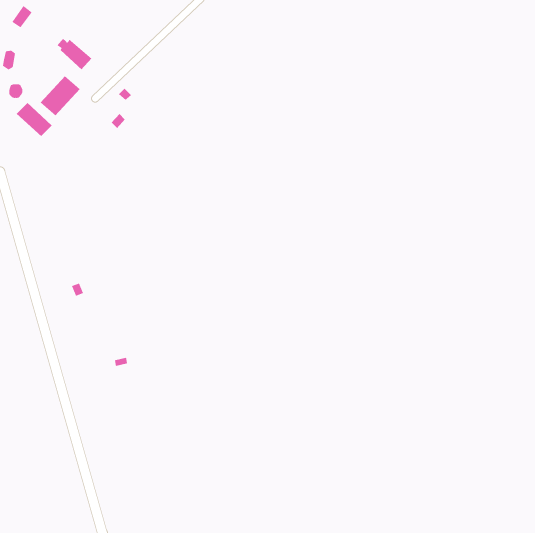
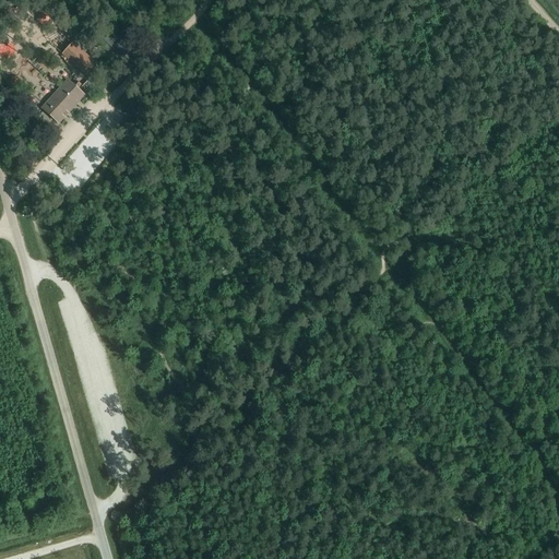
building: [16,102,53,137] -> none

